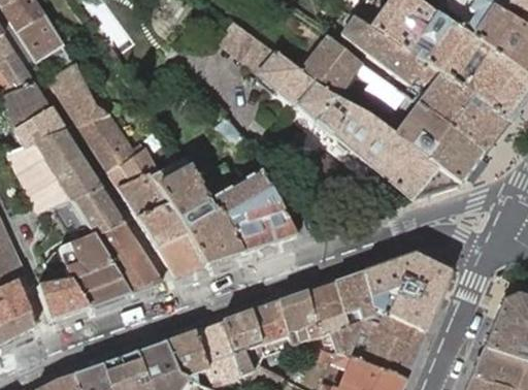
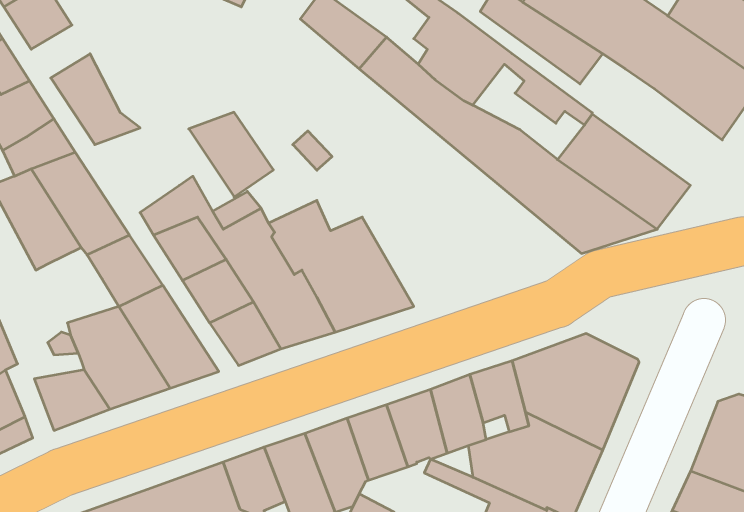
building: [417,73,505,153] -> none
building: [77,113,135,171] -> [189,112,273,197]

